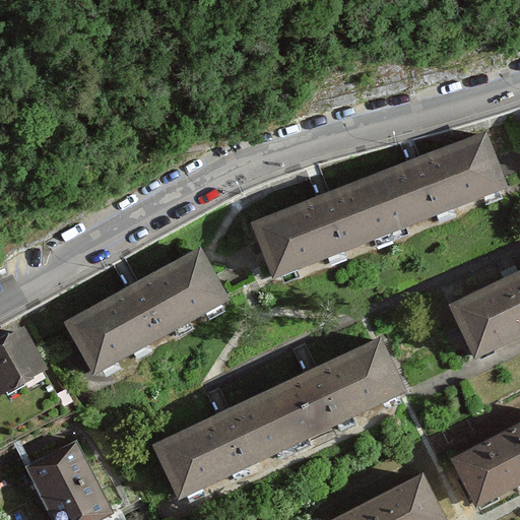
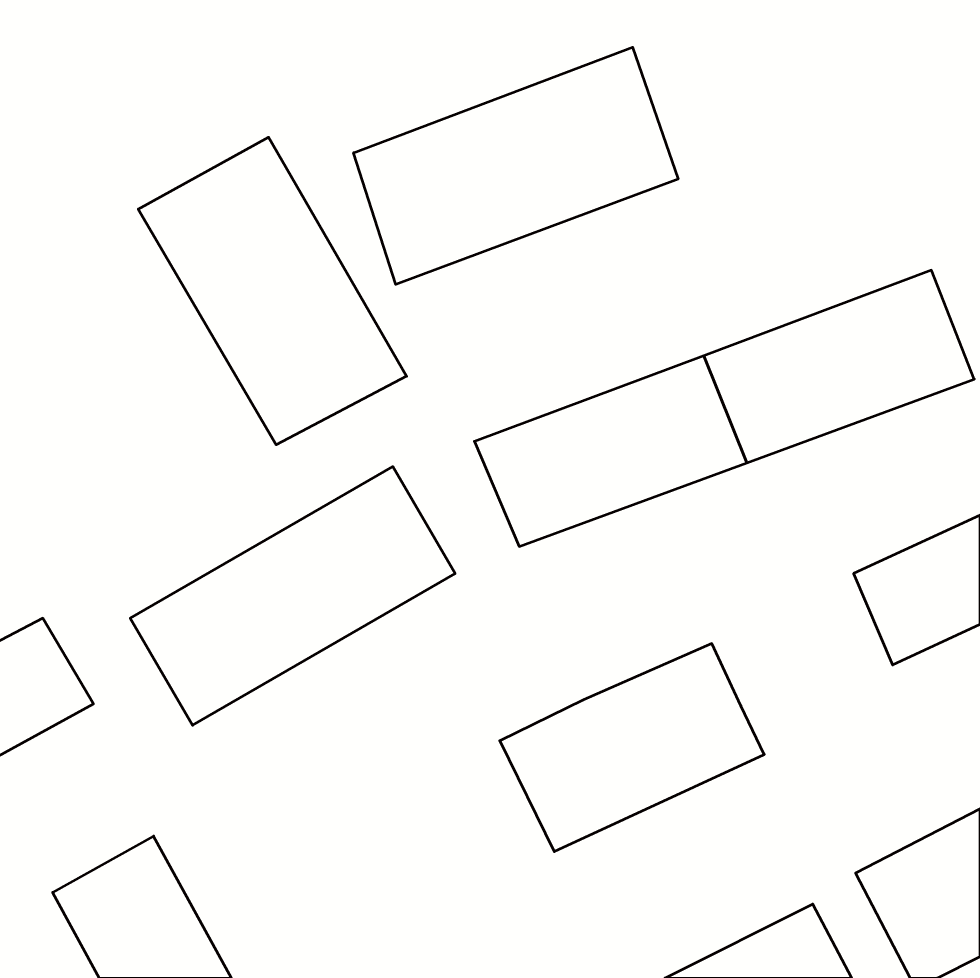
building: none -> [354,47,678,284]
building: none -> [138,137,407,445]
building: [143,387,289,501] -> none

